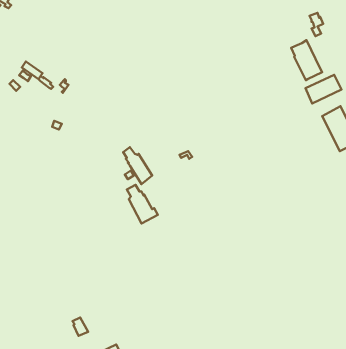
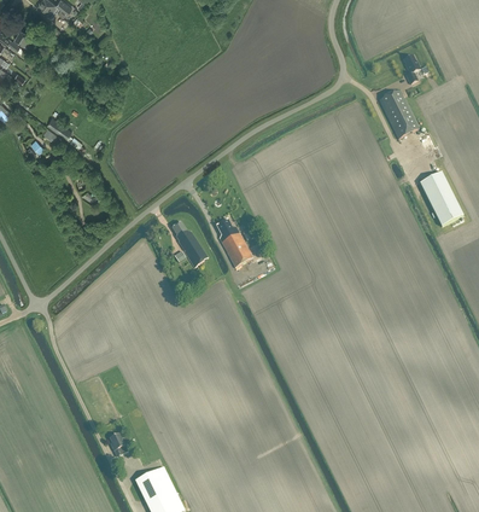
building: [305,75,342,104] -> none
building: [127,185,158,224] -> [216,219,255,267]

